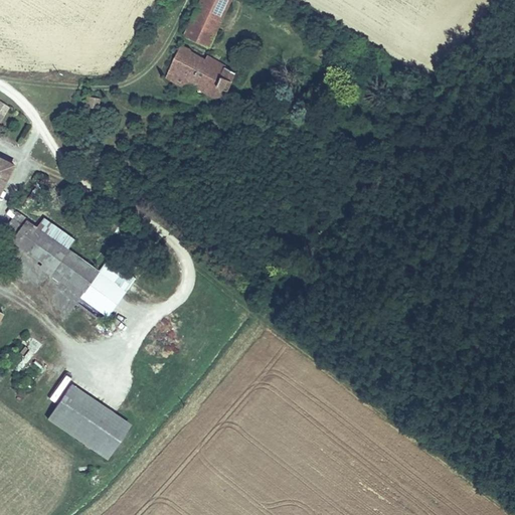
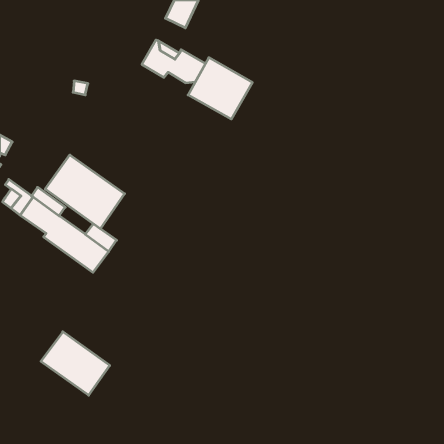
building: [185,22,214,47] -> none
building: none -> [188,58,252,119]
building: none -> [45,155,125,229]

